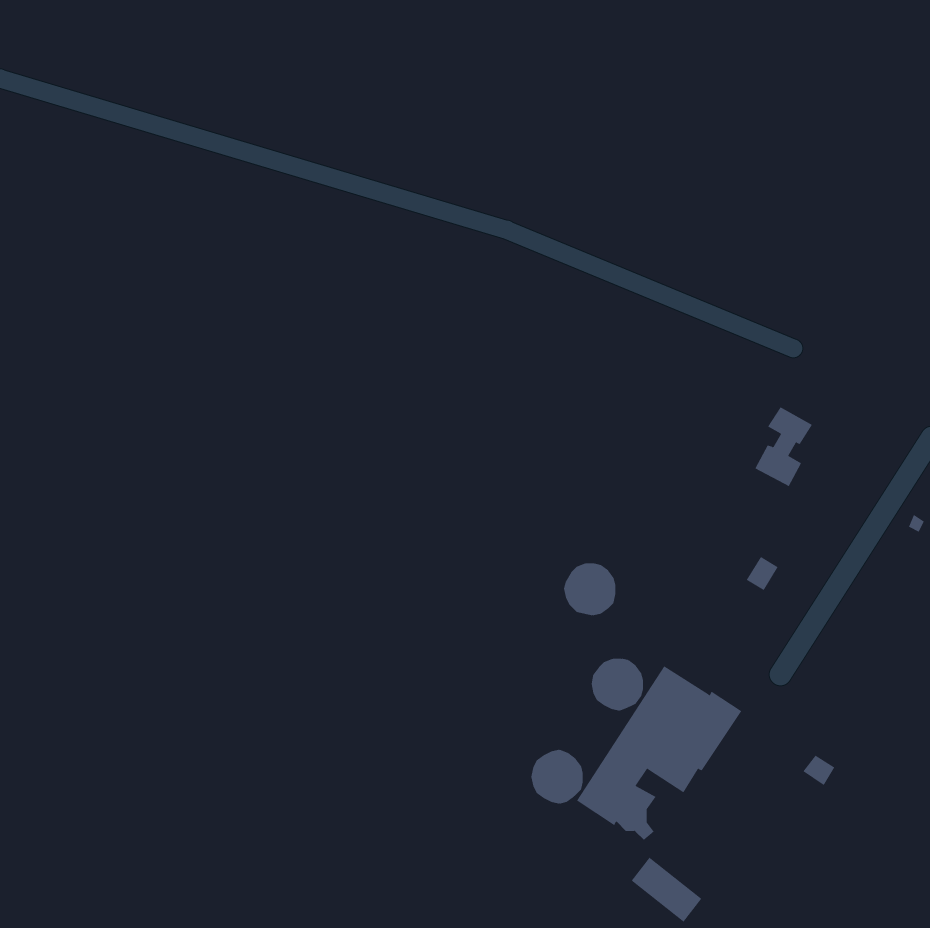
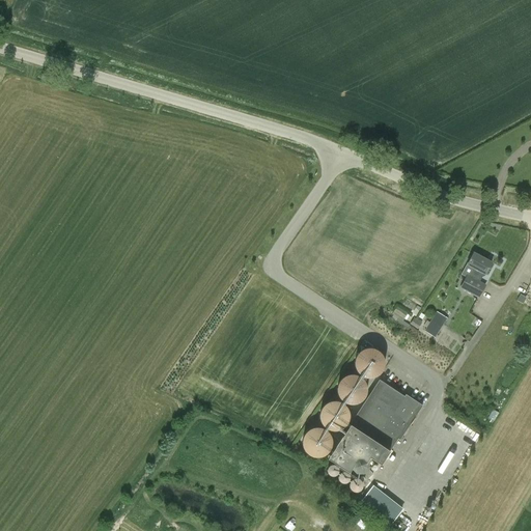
building: [754,407,813,487] -> [460,252,494,298]
building: [563,563,616,616] -> [355,347,385,378]
building: none -> [319,400,350,430]

